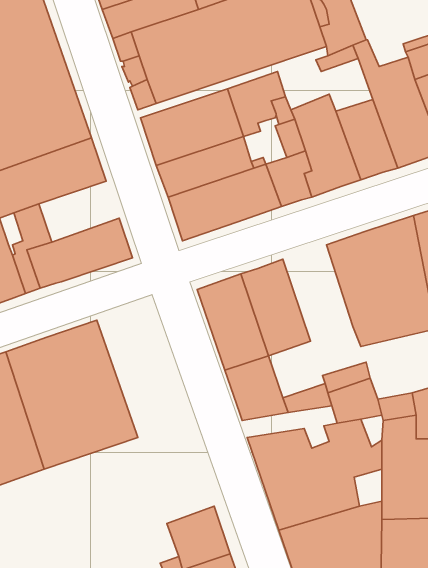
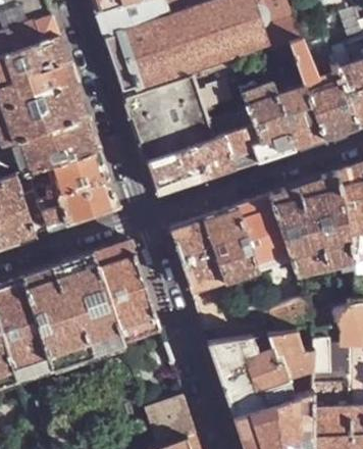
building: none -> [48,149,110,196]
building: none -> [237,198,291,272]
building: none -> [93,244,160,344]

